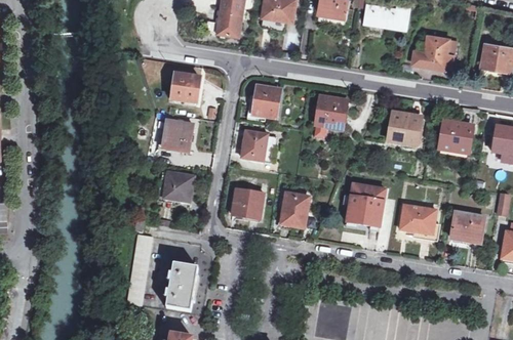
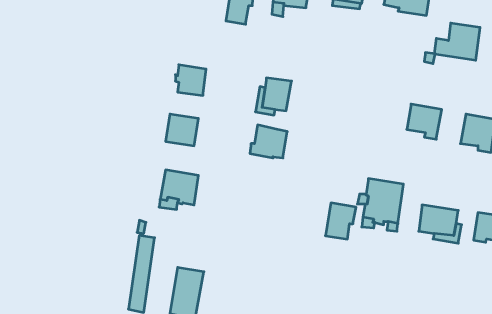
building: [312,96,346,137] -> none
building: [232,188,263,218] -> none
building: [280,193,309,226] -> [325,203,356,239]

